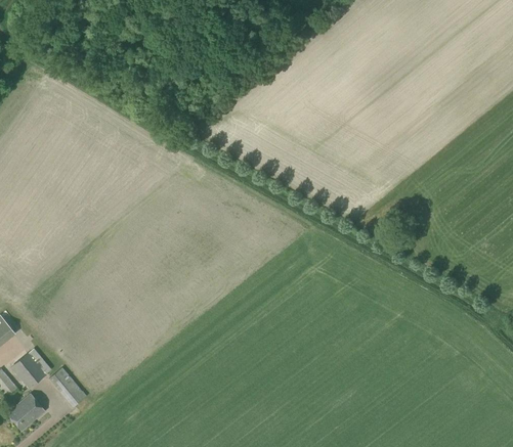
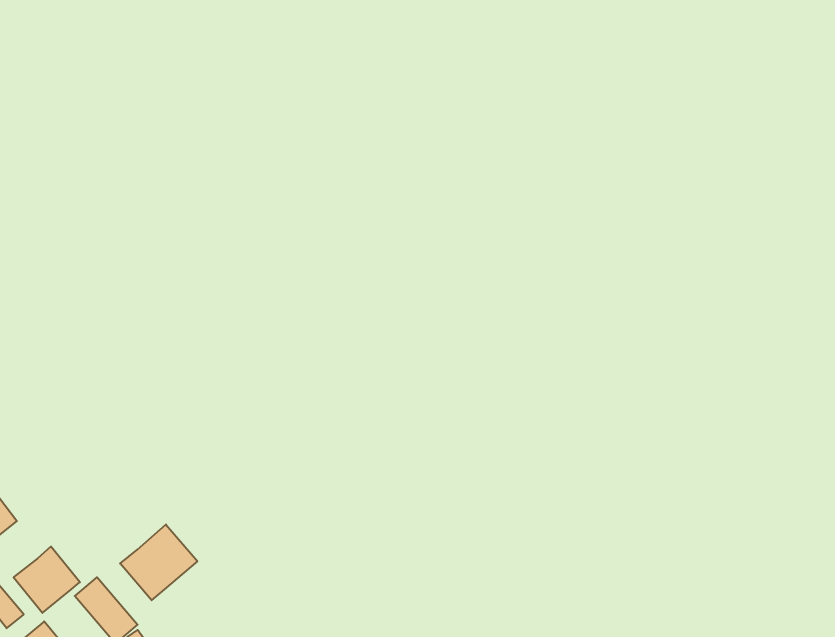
building: none -> [120,524,197,600]

